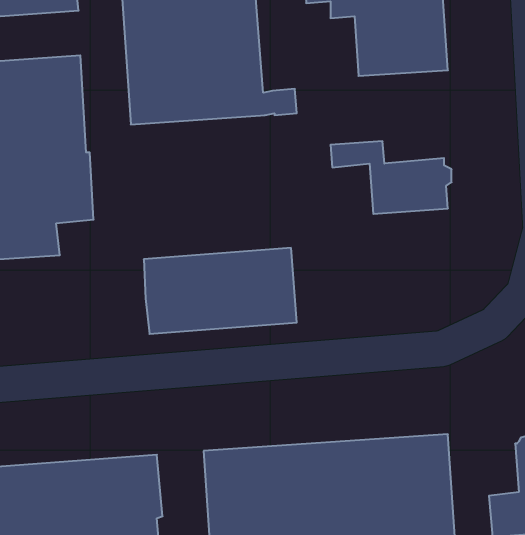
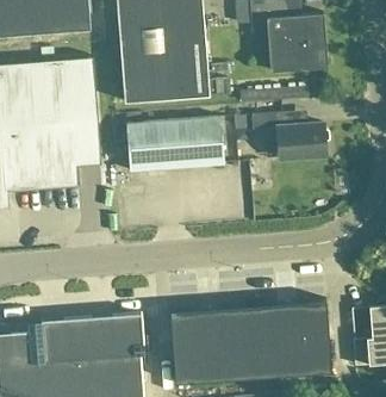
building: [144,248,297,334] -> [126,117,224,172]

